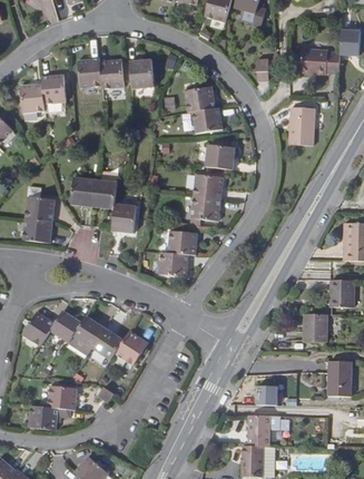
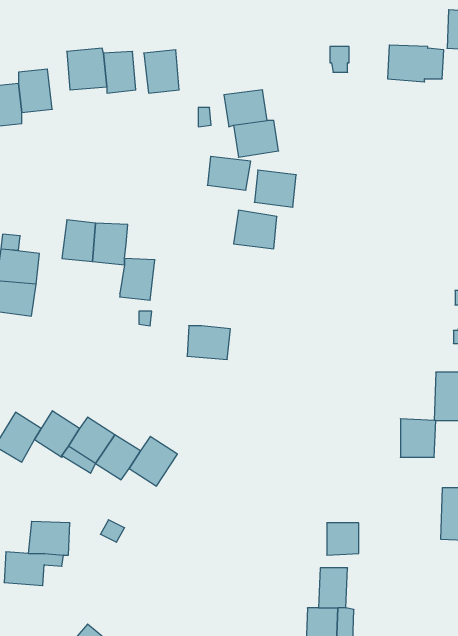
building: [284,104,311,143] -> none
building: [188,193,218,216] -> [207,156,251,190]
building: [168,225,197,252] -> none

